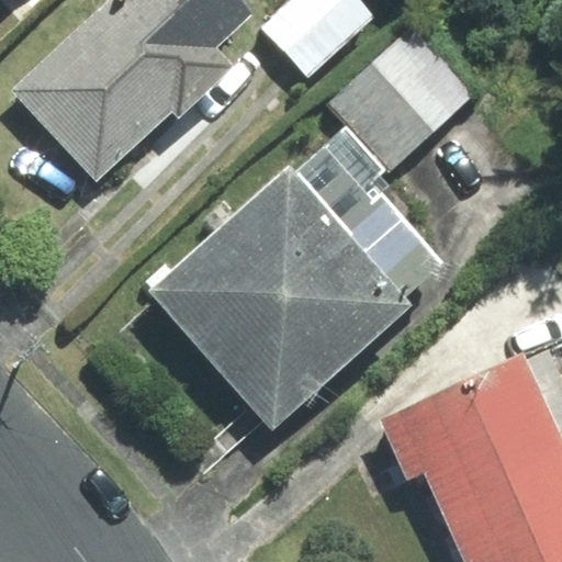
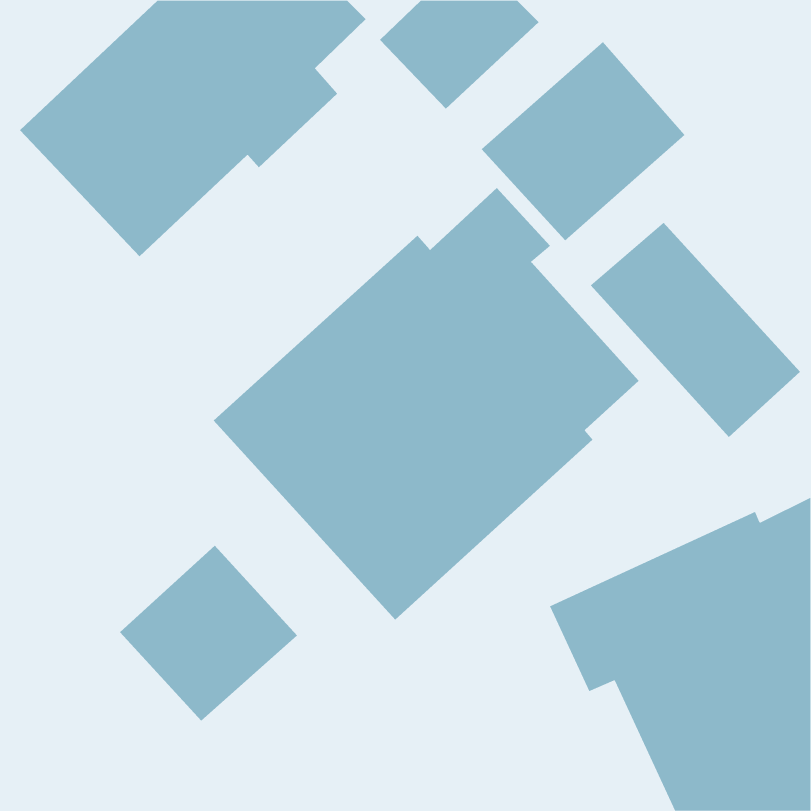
building: none -> [590,222,801,438]
building: none -> [119,545,298,722]

